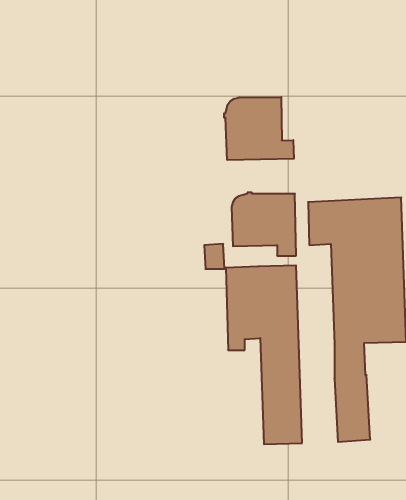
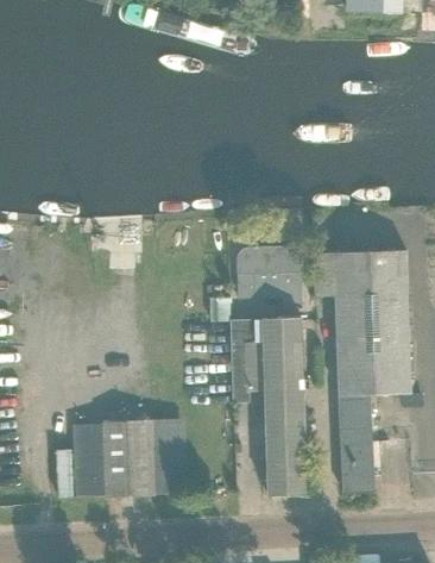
building: [224,97,294,160] -> none
building: none -> [56,419,182,498]

